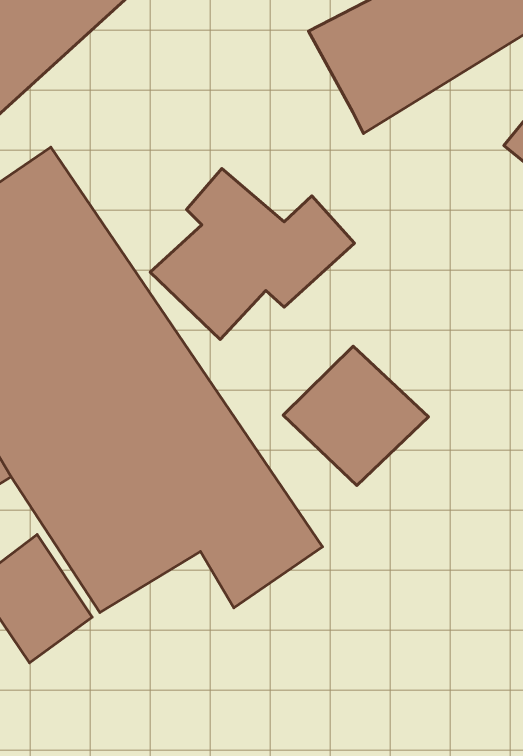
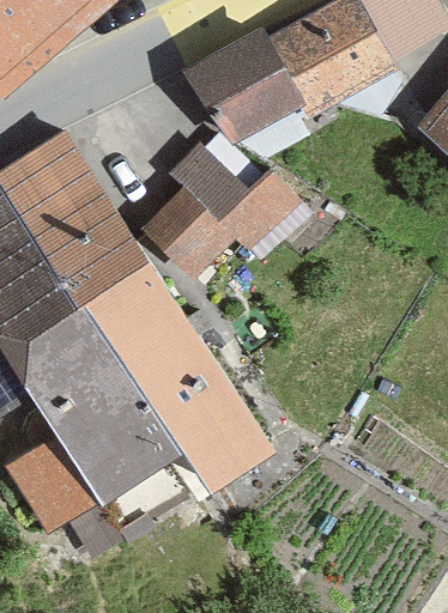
building: none -> [182,25,301,144]
building: [283,346,429,486] -> none

